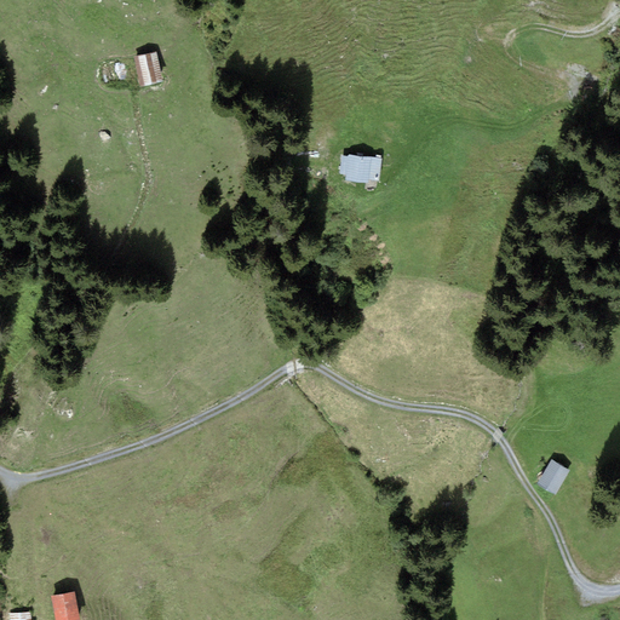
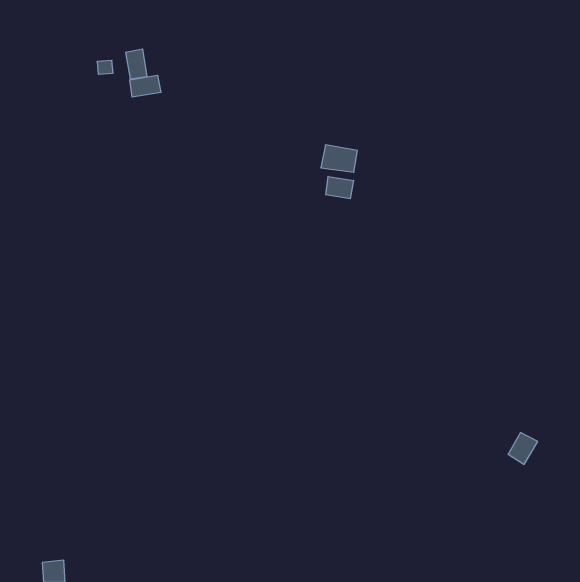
building: none -> [130,75,161,97]
building: none -> [326,176,354,199]

